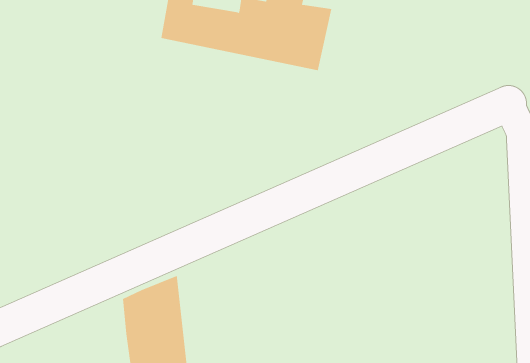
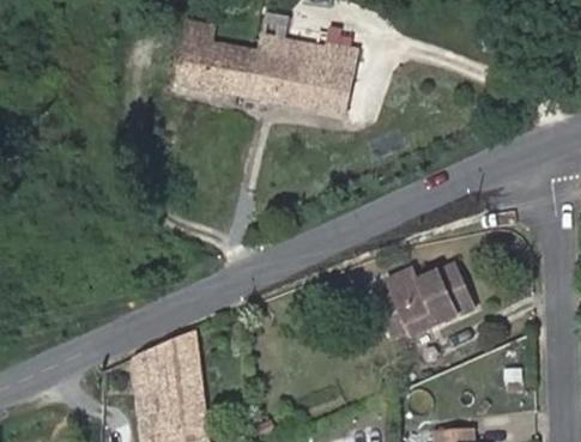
building: none -> [375,264,474,335]

